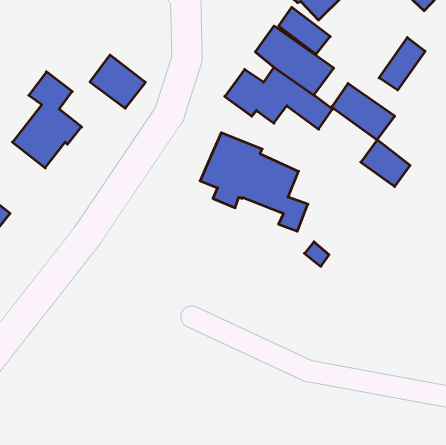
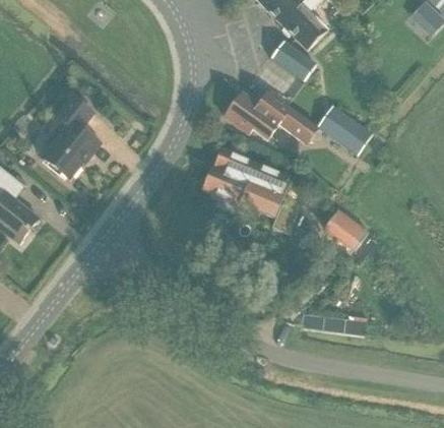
building: [379,37,425,90] -> none
building: [90,55,145,108] -> none
building: [361,140,410,187] -> [324,208,367,249]

